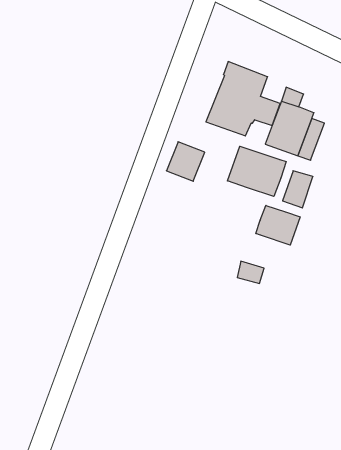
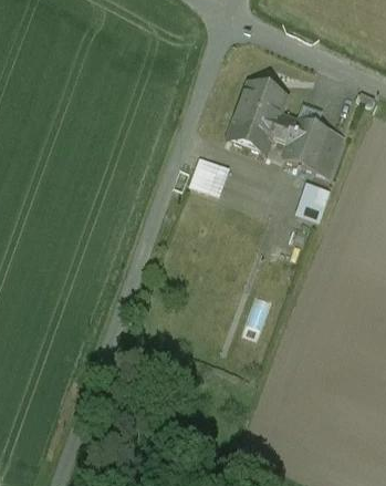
building: [227,146,286,196] -> none
building: [256,205,300,245] -> none

